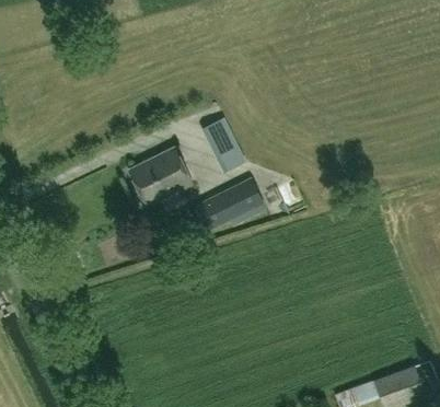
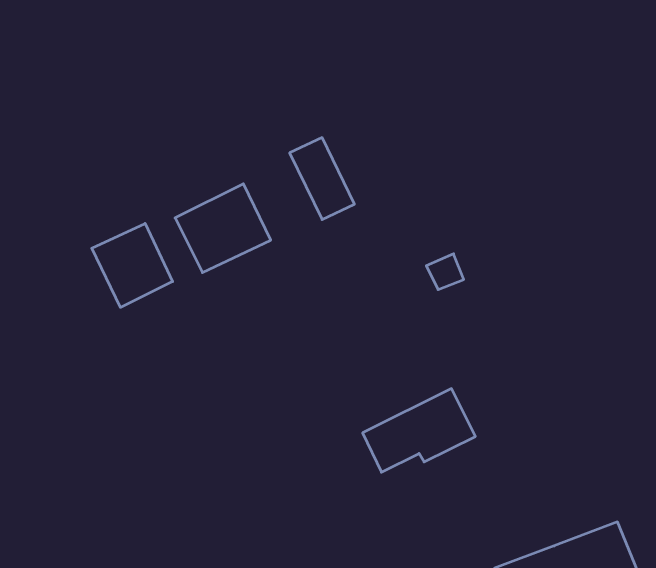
building: none -> [92,223,173,307]
building: [195,177,267,231] -> [363,389,475,472]

